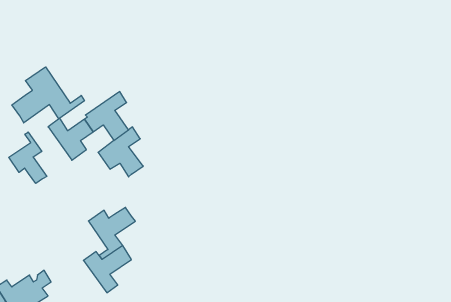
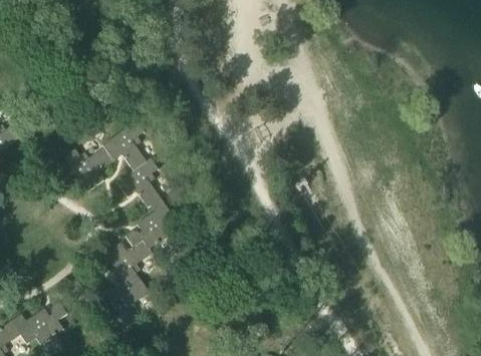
building: [12,67,84,123] -> none
building: [9,132,47,183] -> none
building: none -> [124,197,175,248]

